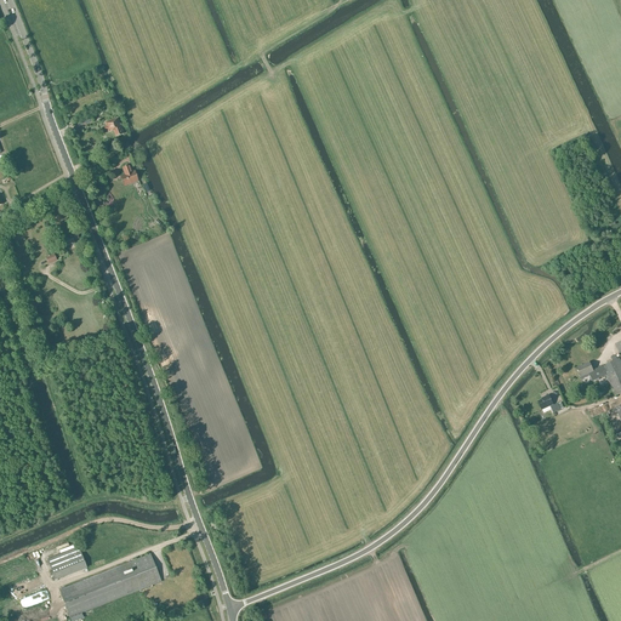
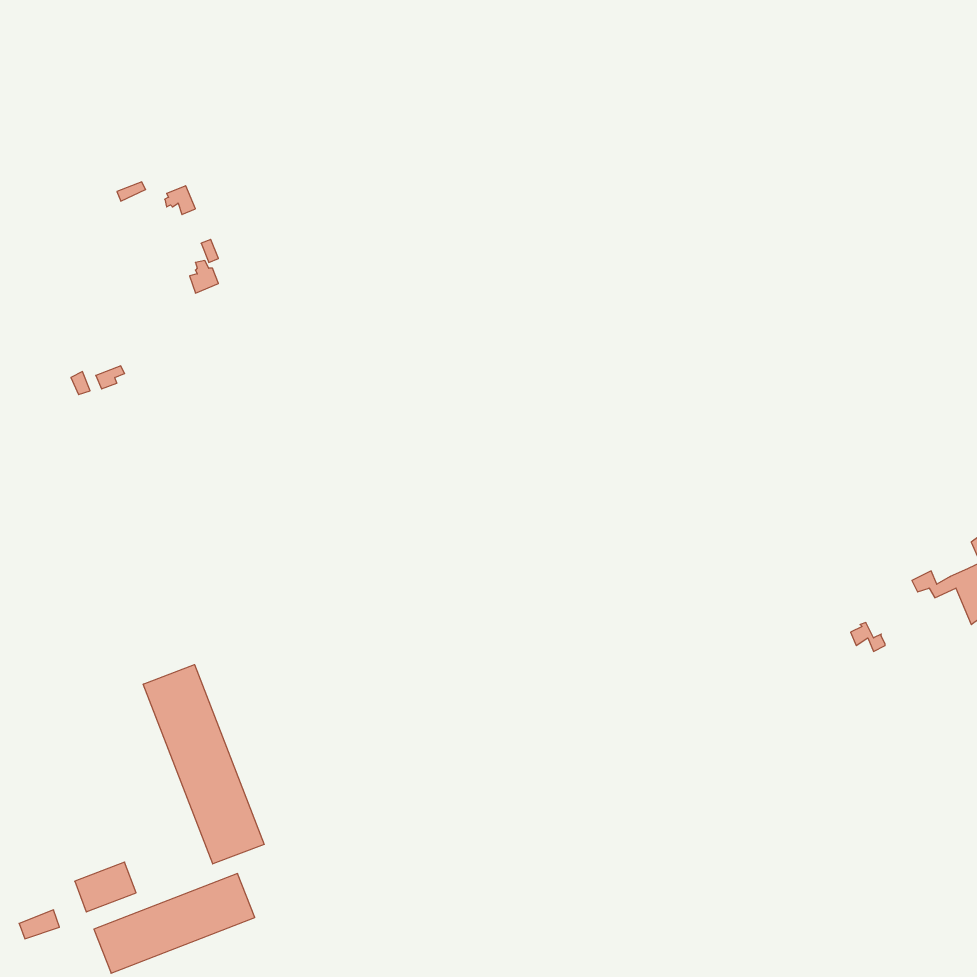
building: none -> [143,665,264,864]

